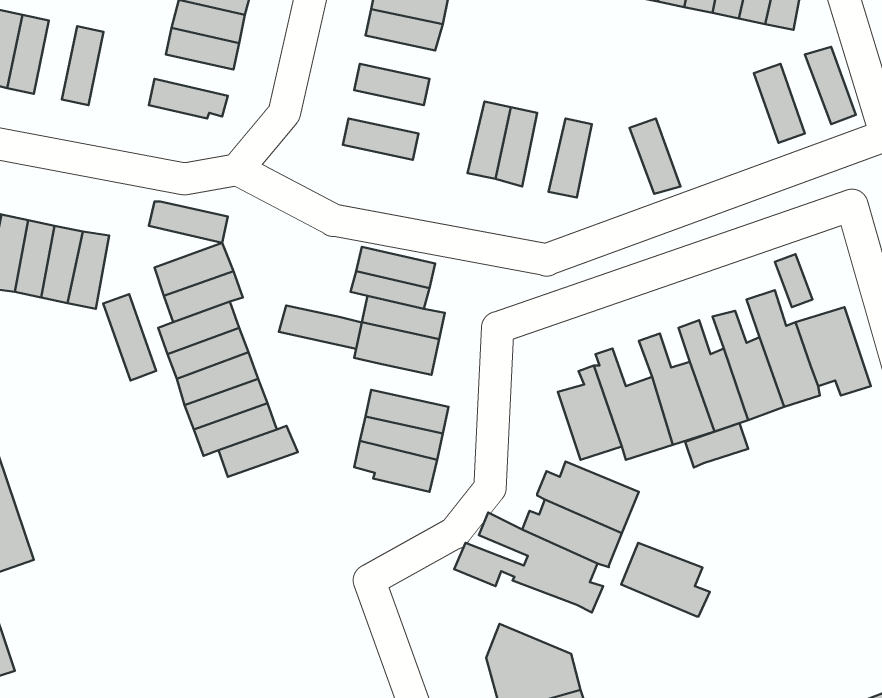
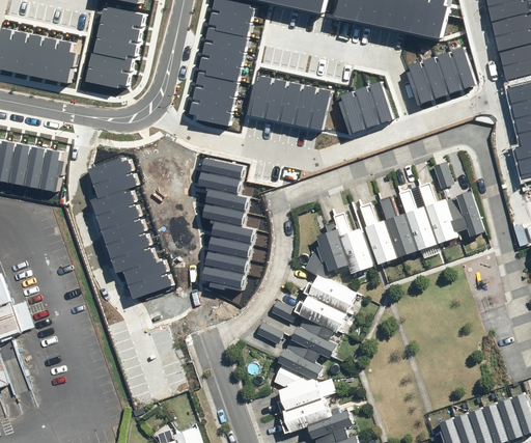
building: none -> [23,33,47,77]
building: none -> [53,39,77,83]
building: none -> [202,41,244,65]
building: none -> [434,52,462,95]
building: none -> [407,62,432,106]
building: none -> [196,72,237,95]
building: none -> [247,76,271,117]
building: none -> [365,82,393,124]
building: none -> [291,84,315,128]
building: none -> [338,92,364,134]
building: none -> [190,102,231,126]
building: [149,201,228,243] -> [89,52,133,75]
building: [103,294,156,380] -> none
building: [279,305,362,349] -> [208,222,254,246]
building: [685,423,748,467] -> none
building: none -> [130,271,172,299]
building: [621,543,710,617] -> [277,341,326,382]

